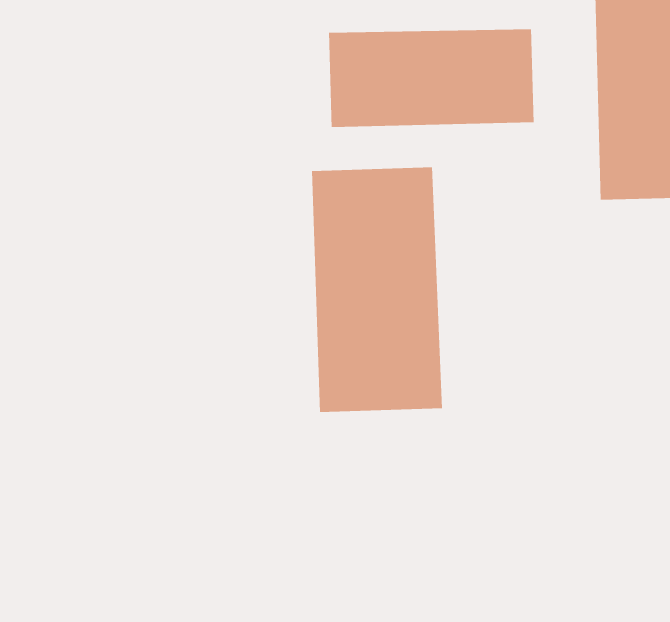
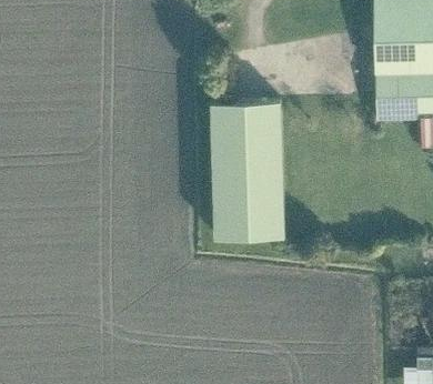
building: [328,28,534,128] -> none

